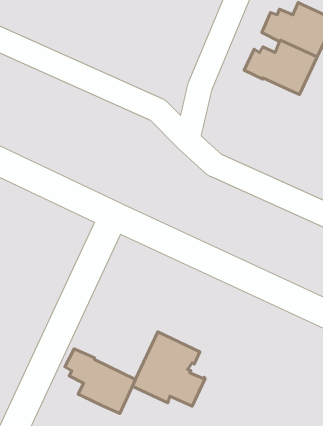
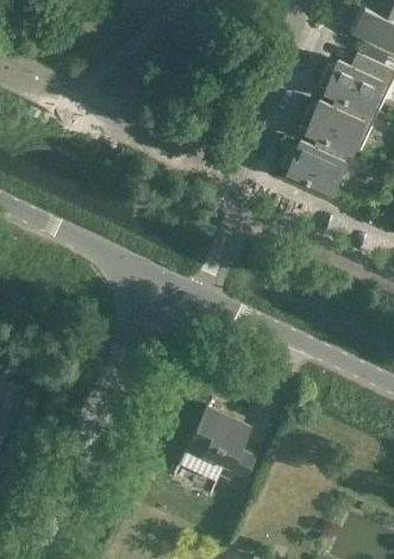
building: none -> [277,134,348,193]
building: [65,349,135,414] -> none

